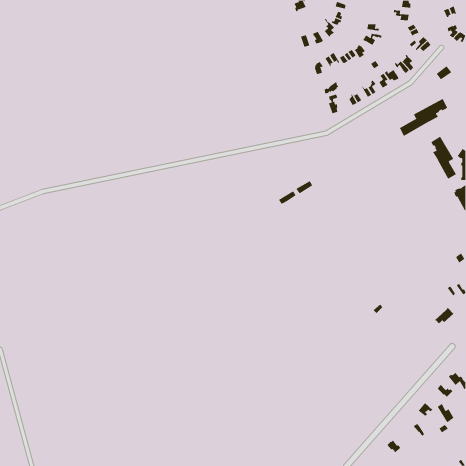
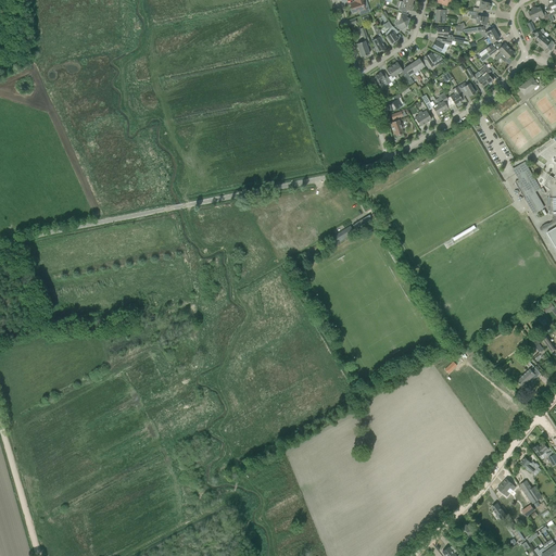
building: [399,98,448,137] -> none

